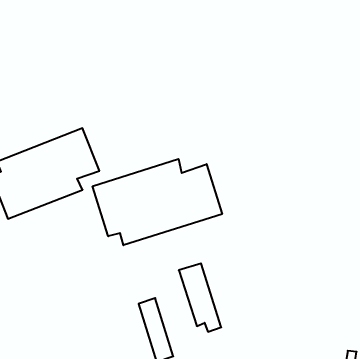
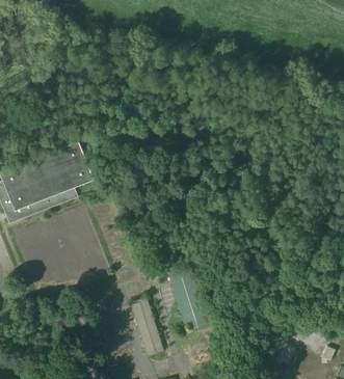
building: [93,159,222,245] -> none

